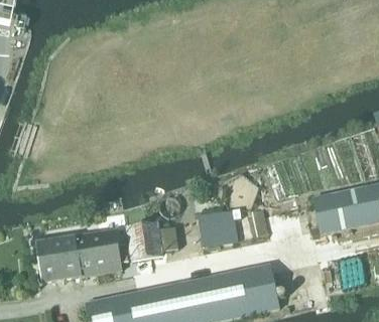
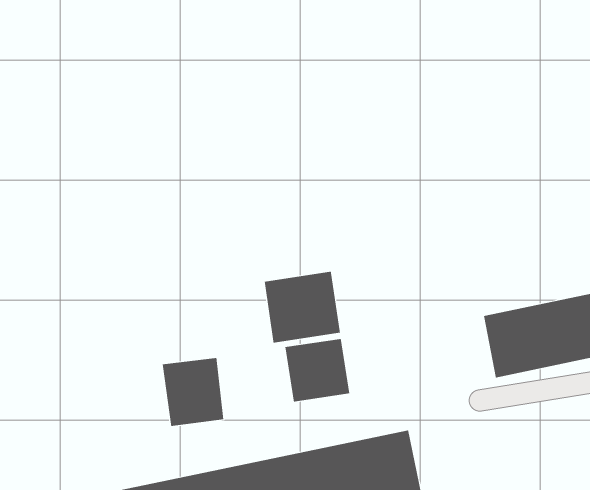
building: none -> [264,271,340,343]
building: [36,228,128,281] -> none

